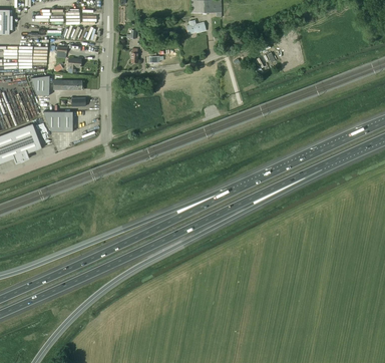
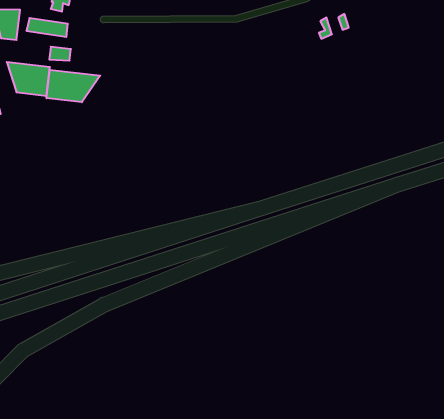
building: none -> [47,70,100,102]

